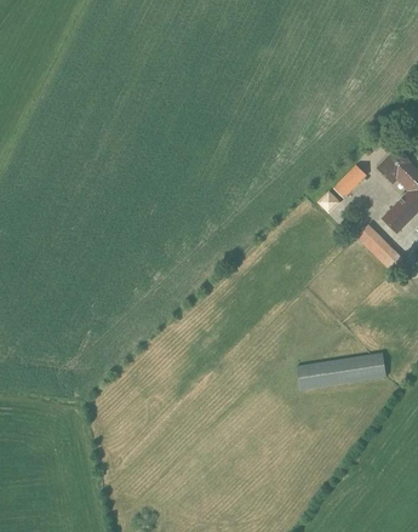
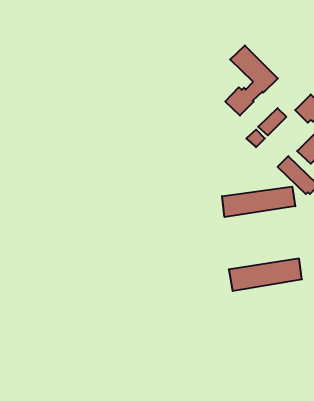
building: none -> [225,45,278,116]
building: none -> [222,187,295,217]

